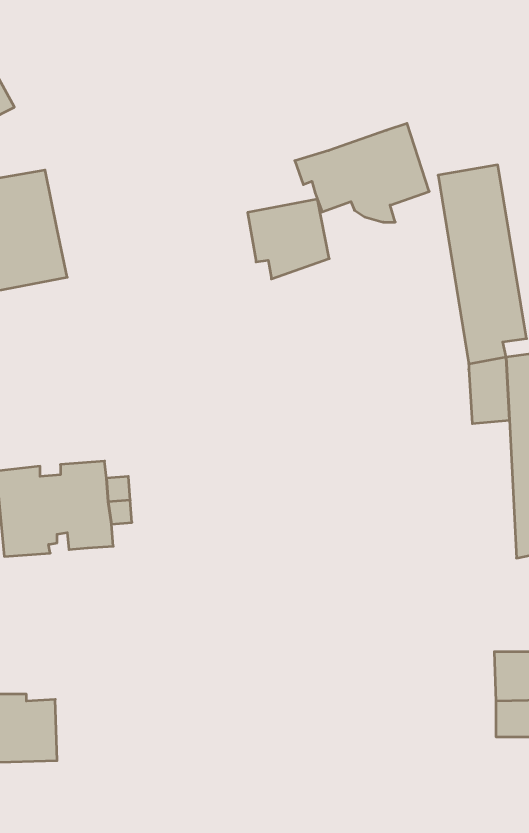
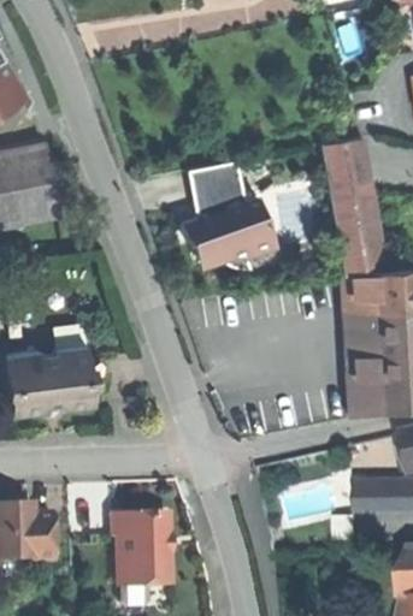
building: [295,123,429,222] -> [179,197,275,267]
building: none -> [346,316,377,419]
building: none -> [110,514,169,585]

